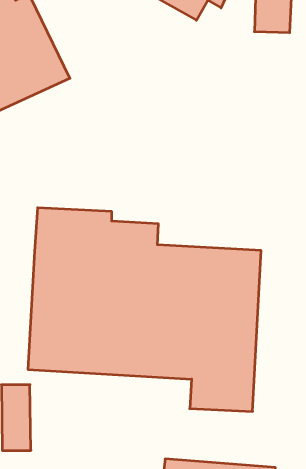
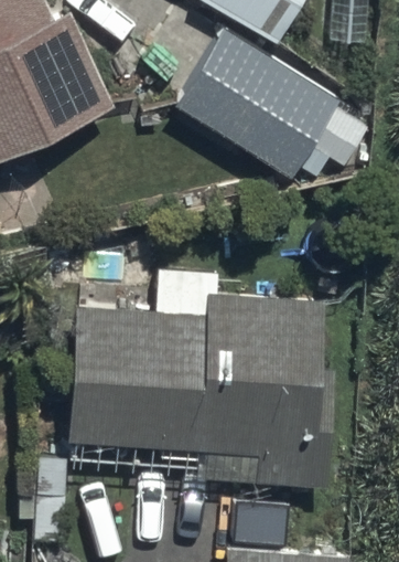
building: none -> [174,29,370,181]

